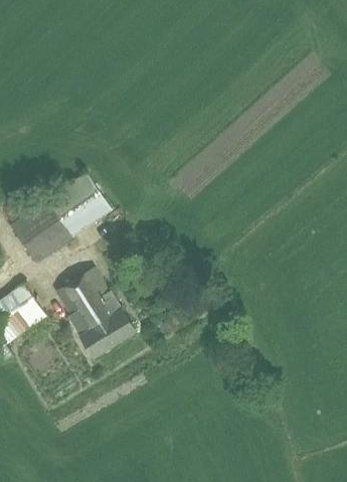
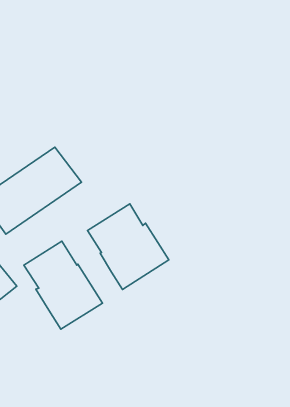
building: none -> [88,204,169,290]

